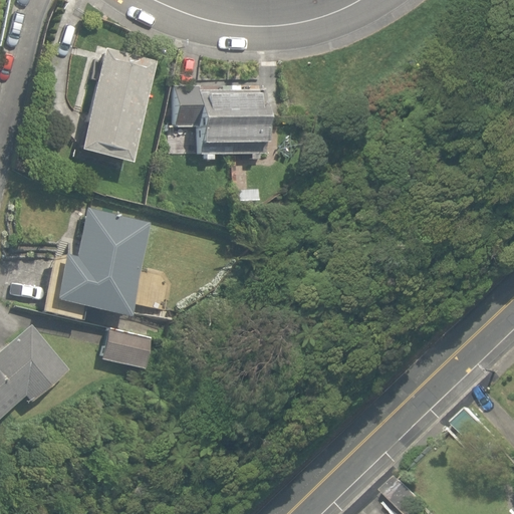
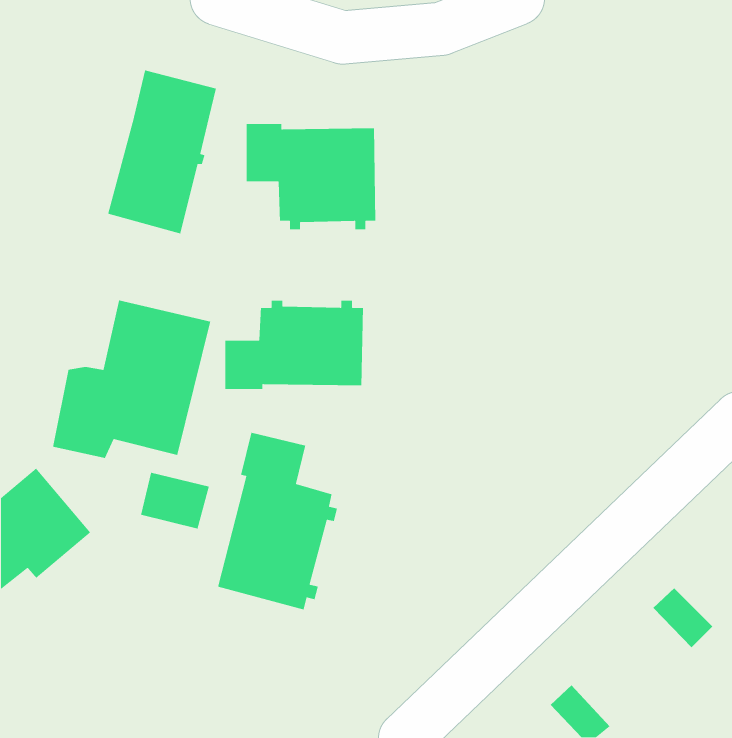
building: none -> [224,300,364,390]
building: none -> [217,432,338,610]

